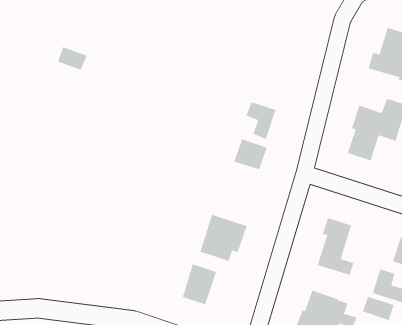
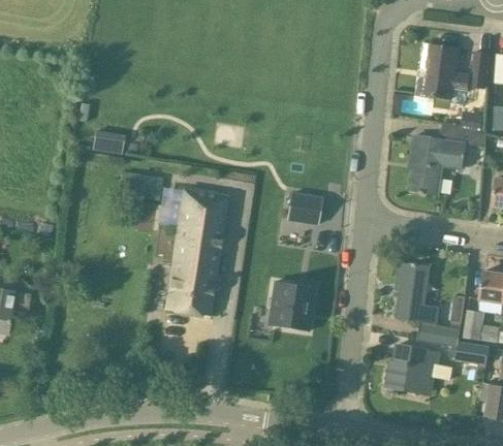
building: [246,101,276,140] -> none
building: none -> [159,187,227,315]
building: none -> [417,295,465,347]
building: [182,264,217,305] -> none

